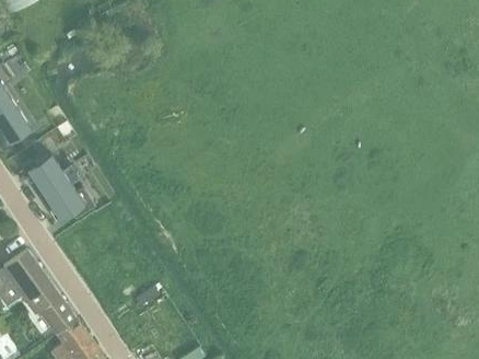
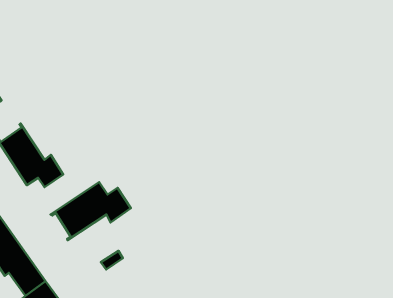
building: none -> [50,182,131,240]

